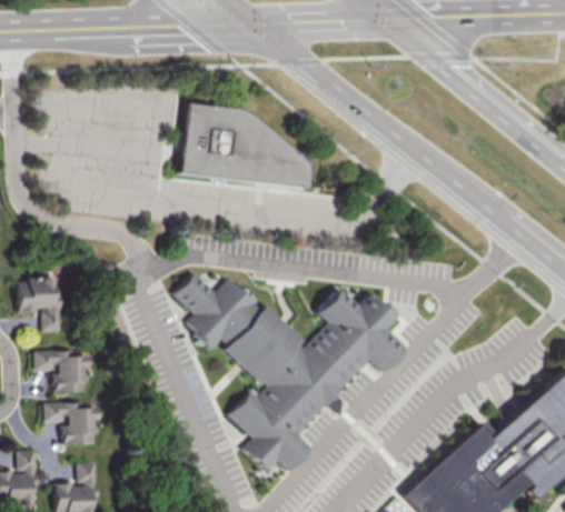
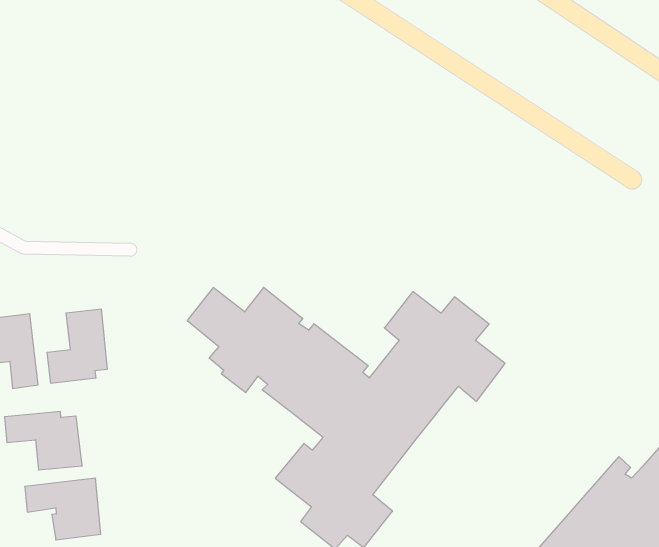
building: [180,103,310,189] -> none
building: none -> [47,309,107,383]

